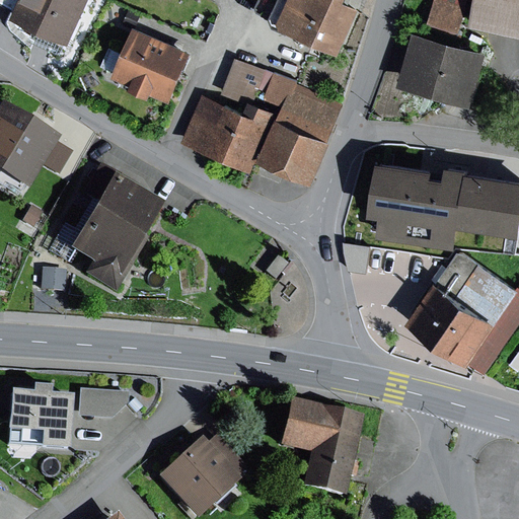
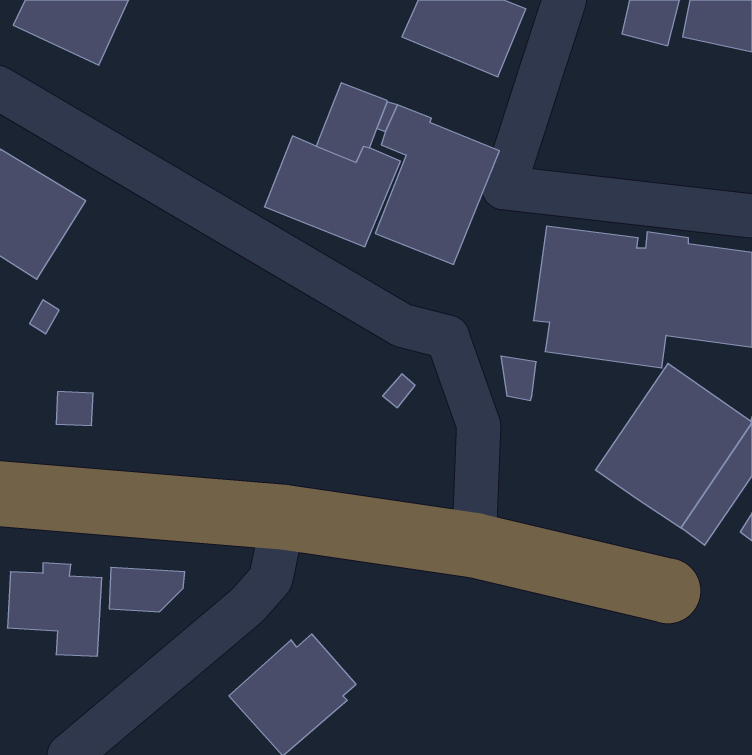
building: [110,26,191,101] -> none
building: [398,32,487,105] -> none
building: [67,167,161,293] -> none
building: [277,399,362,498] -> none

